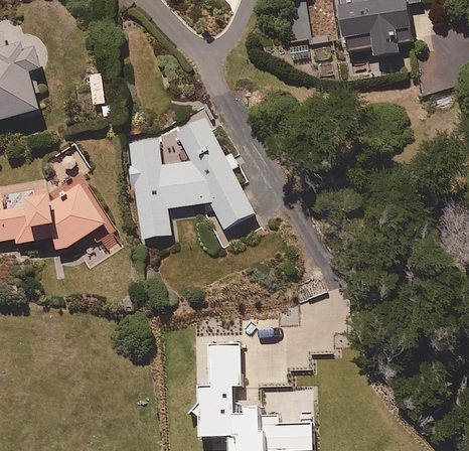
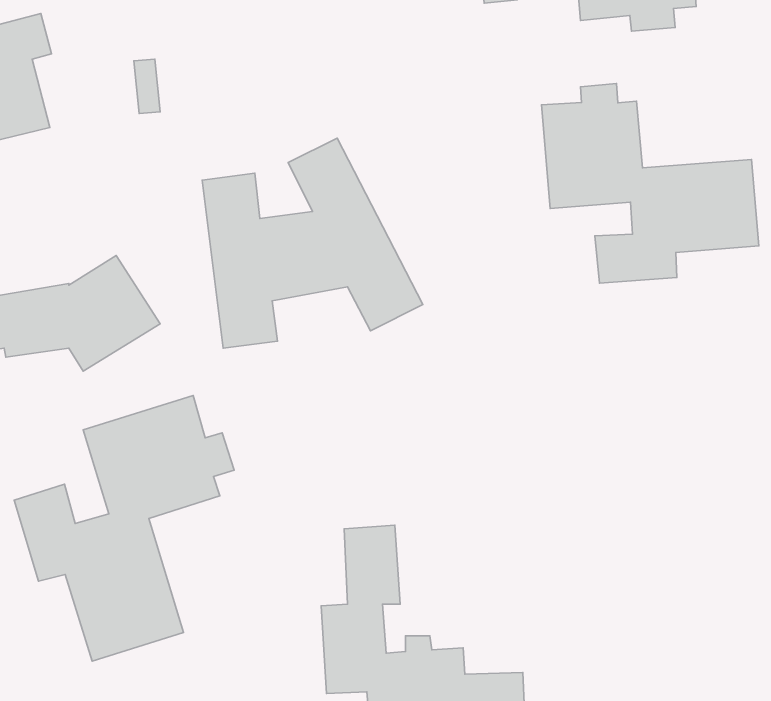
building: none -> [541,83,759,283]
building: none -> [14,396,234,661]

